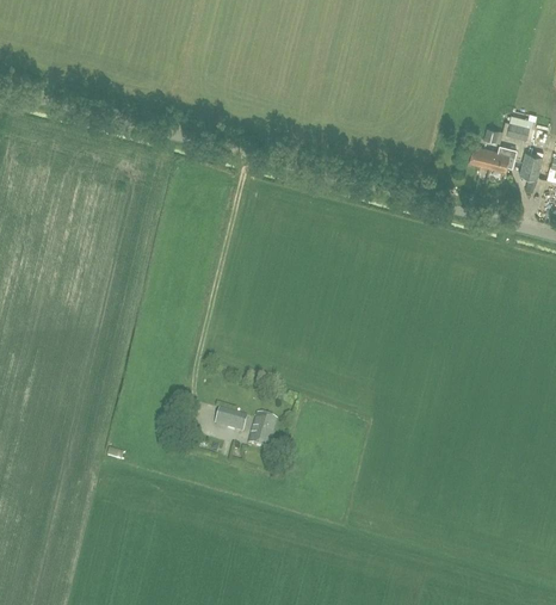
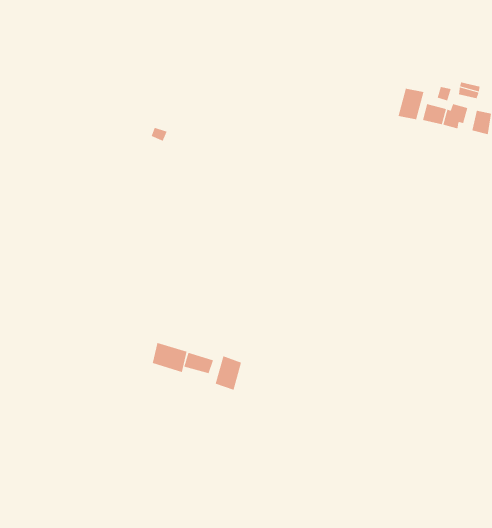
building: none -> [398,88,424,120]
building: none -> [152,342,187,373]

